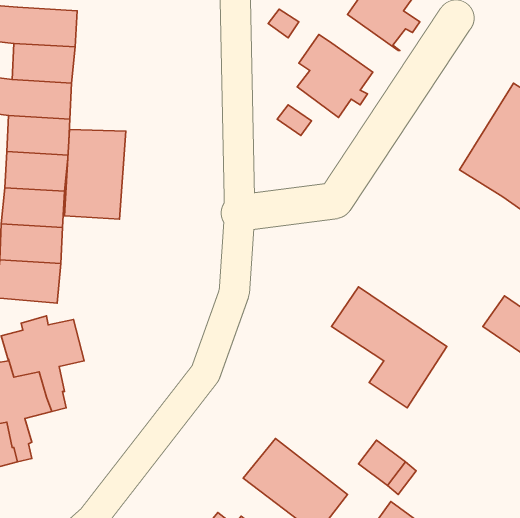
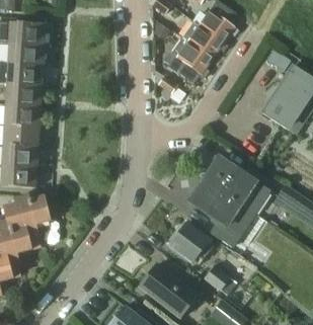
building: none -> [181,21,226,58]
building: [65,129,126,219] -> none
building: none -> [204,157,268,212]
building: none -> [168,222,214,261]

